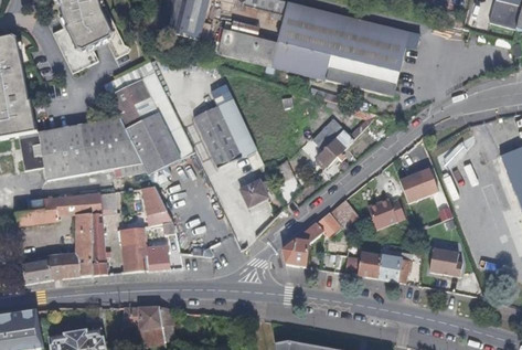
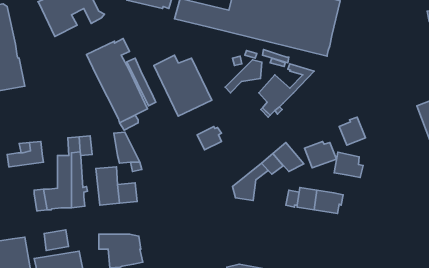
building: none -> [225,60,262,93]
building: [18,117,147,180] -> none
building: [55,192,88,214] -> none
building: [428,246,462,276] -> [334,152,363,178]
building: [22,258,51,283] -> [44,230,68,250]

